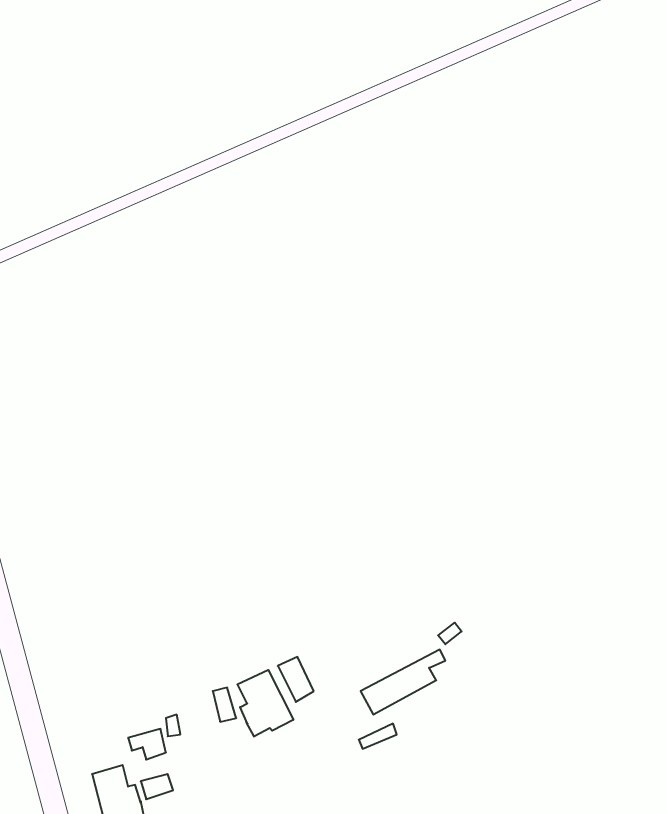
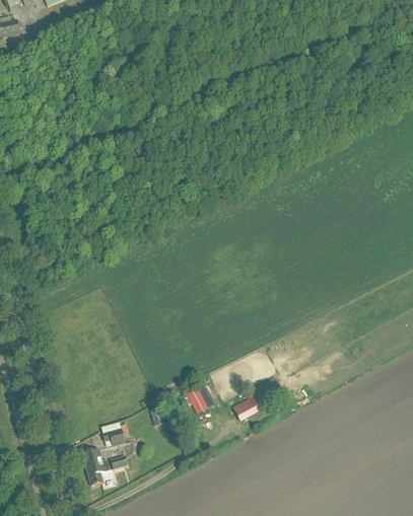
building: [237,670,293,737] -> none

